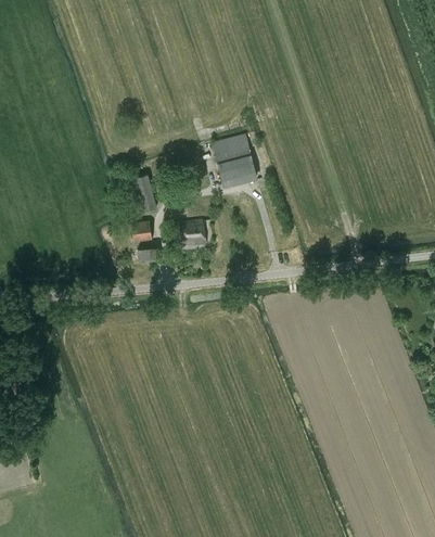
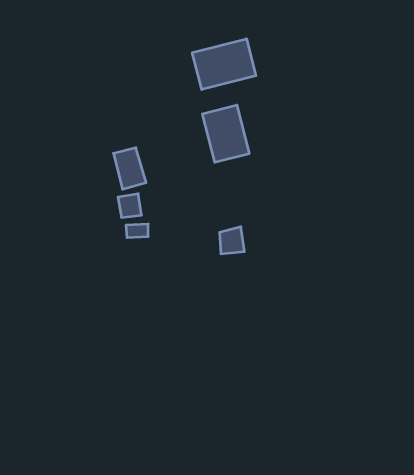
building: none -> [192,39,256,90]
building: [181,219,205,245] -> [220,227,244,254]

